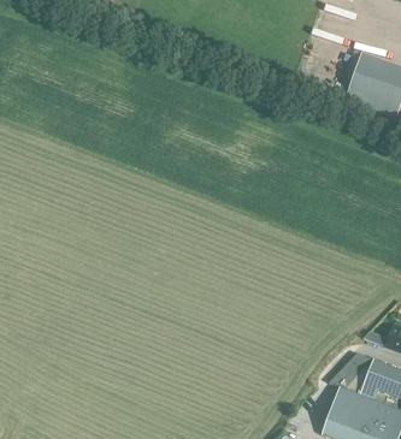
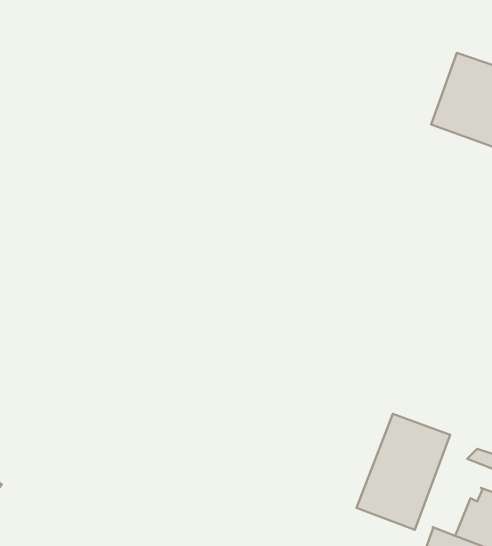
building: none -> [357,414,450,530]

